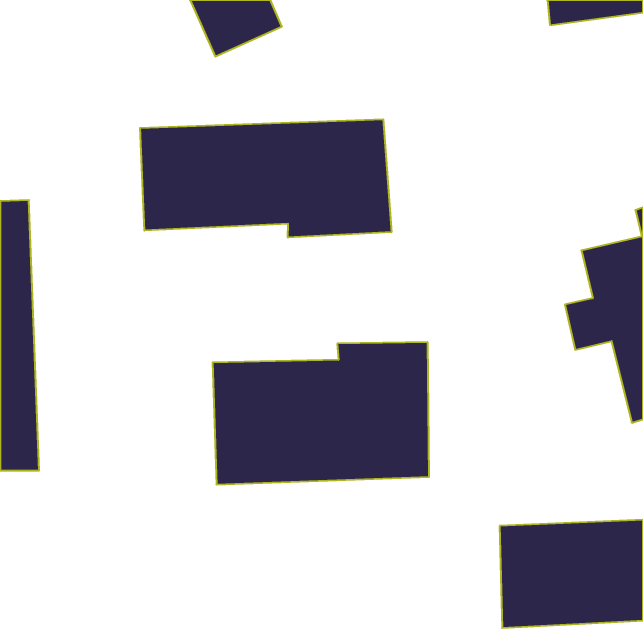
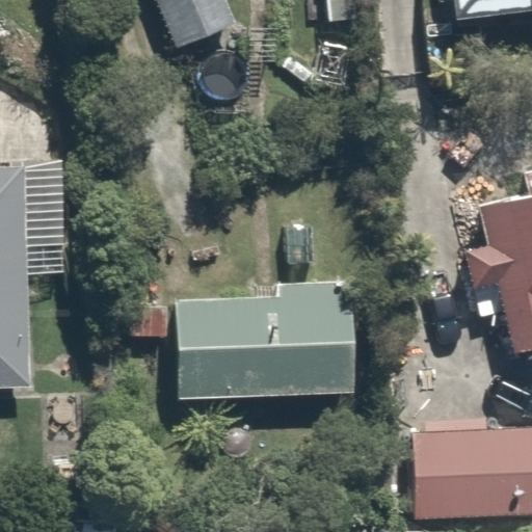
building: [140,119,391,238] -> none

